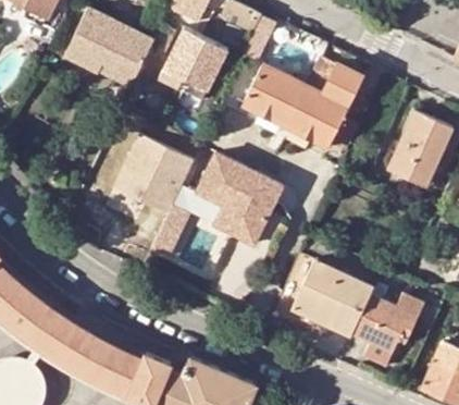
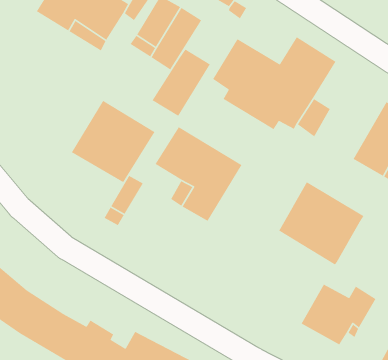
building: none -> [152,49,211,117]
building: [290,259,373,339] -> [278,181,365,266]

